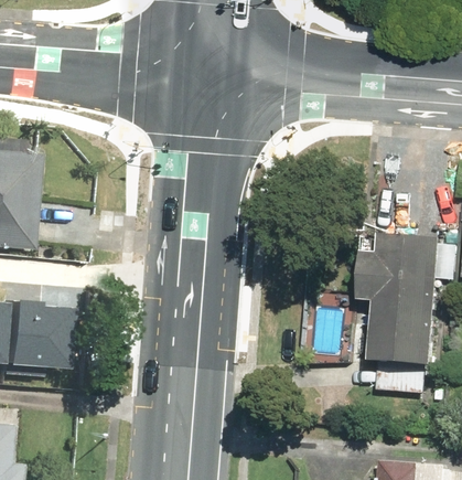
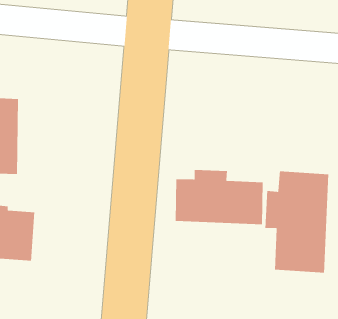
building: none -> [175,169,264,225]

